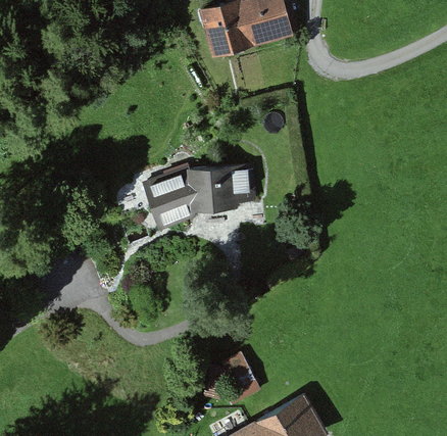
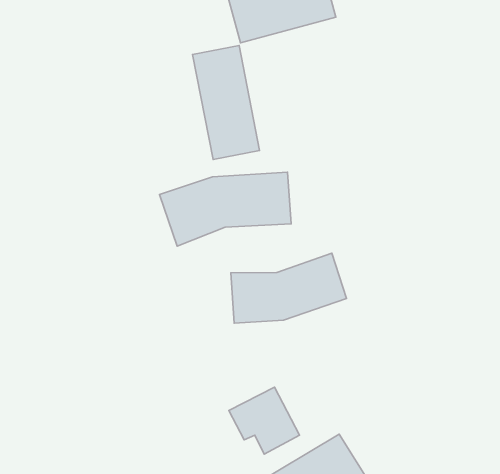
building: none -> [193,46,260,160]
building: none -> [231,253,347,323]

